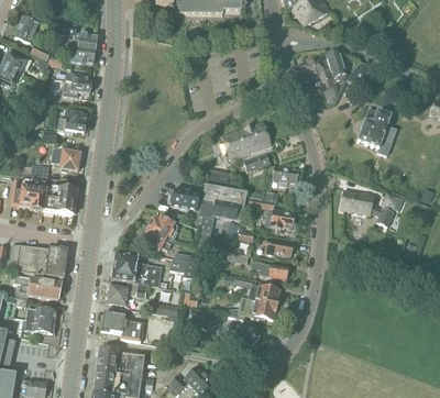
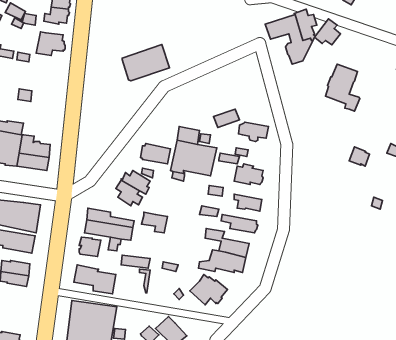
building: [57,112,86,133] -> none
building: [222,120,271,157] -> [122,44,170,81]
building: [52,148,80,170] -> none
building: [340,188,393,225] -> none

